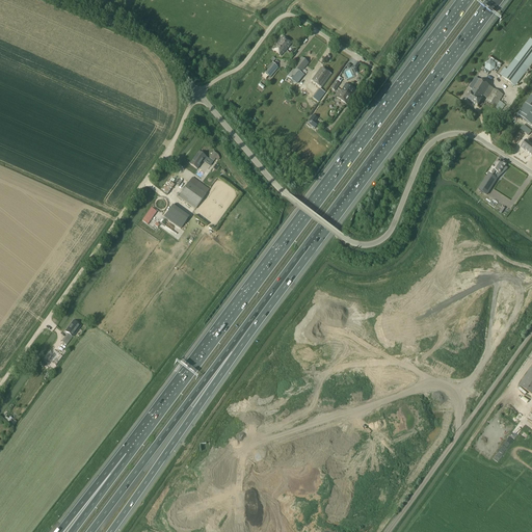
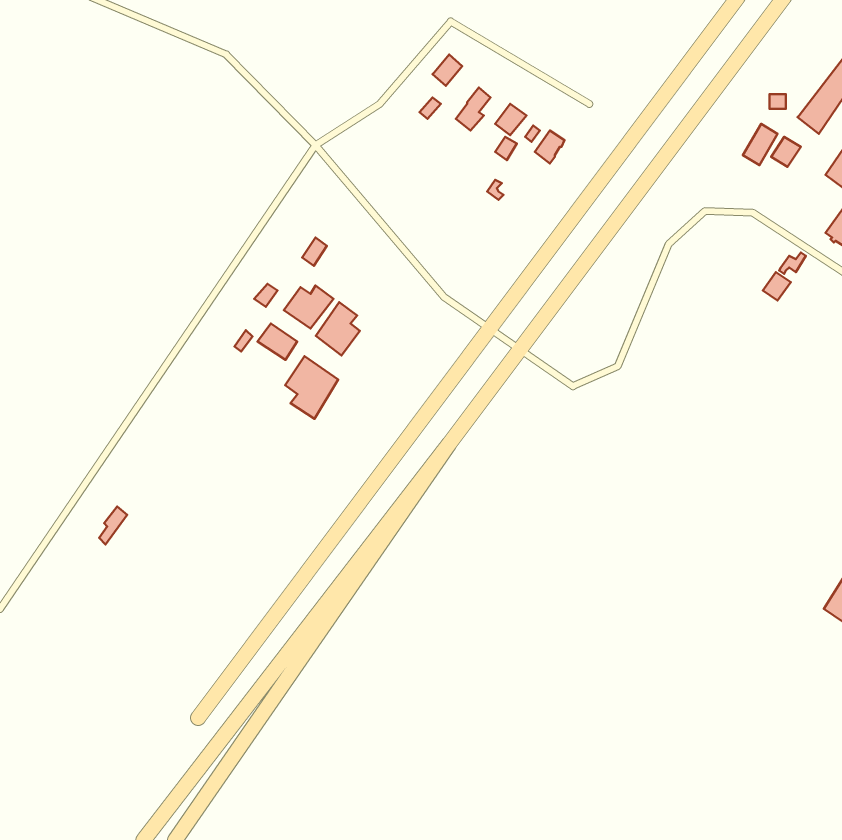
building: none -> [316,302,360,356]
building: none -> [285,356,338,419]

